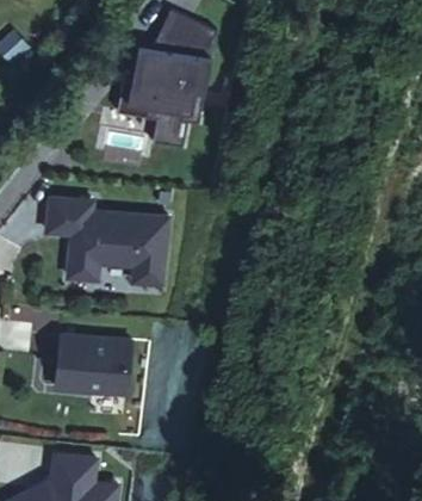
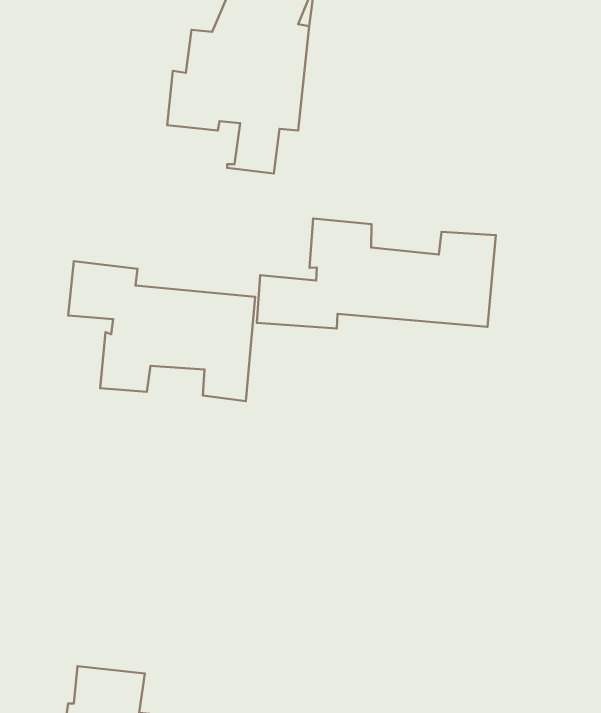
building: none -> [257,219,496,329]
building: [56,334,132,395] -> none

